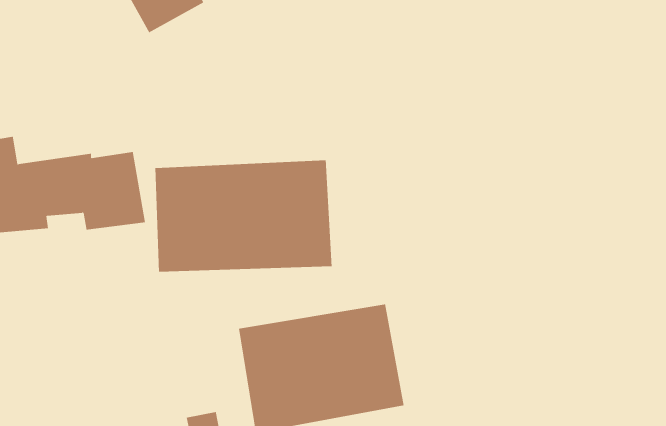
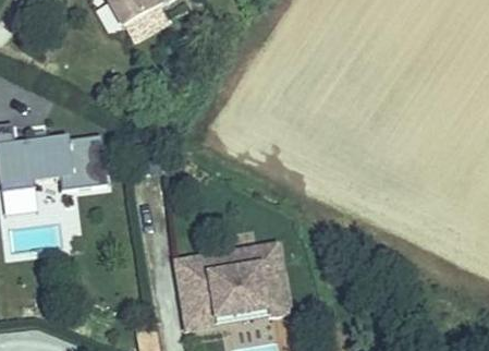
building: [155,159,332,272] -> none

